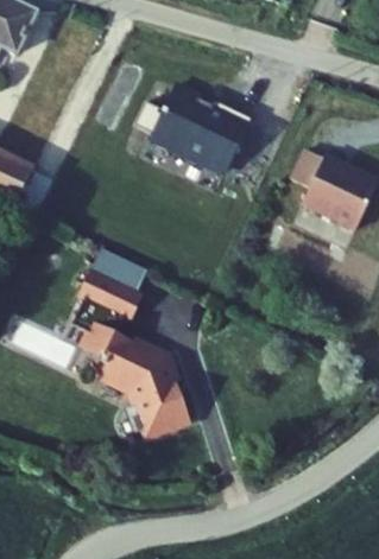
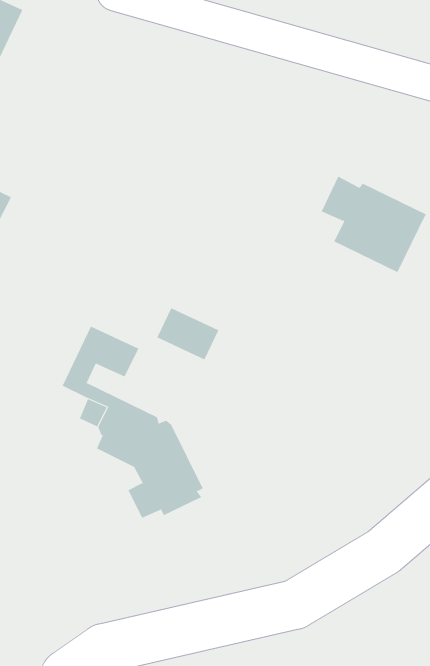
building: [152,93,251,173] -> none
building: [95,249,147,293] -> [156,307,219,360]

